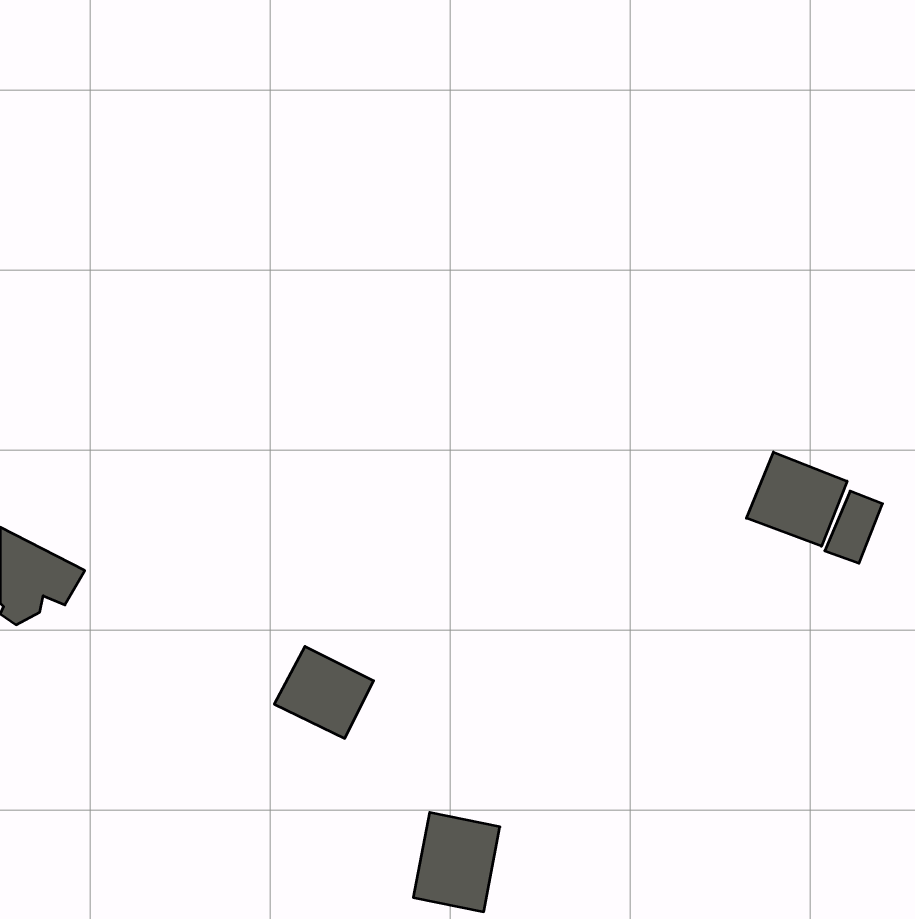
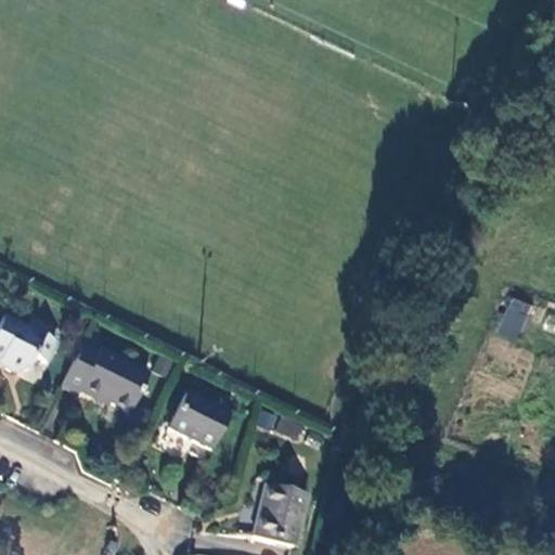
building: [746,452,847,546] -> none
building: none -> [60,343,146,421]

